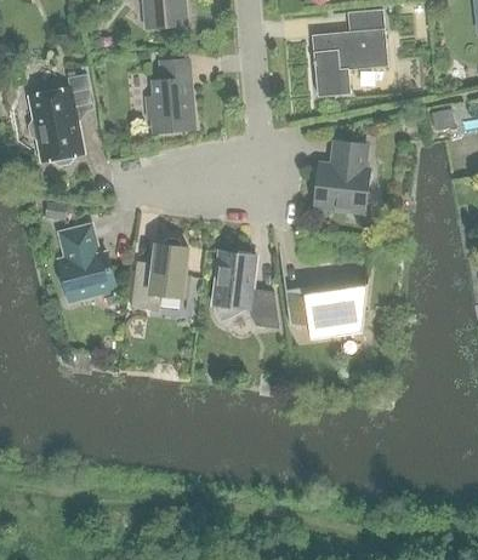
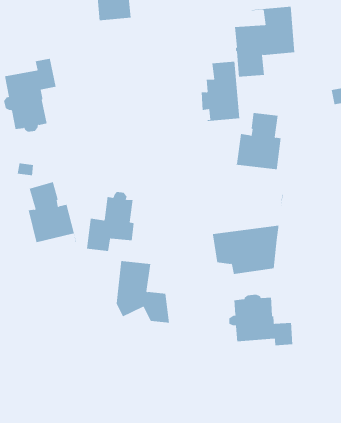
building: [146,58,194,132] -> [201,61,240,121]
building: [210,250,279,327] -> [114,260,170,323]
building: none -> [229,294,293,346]

